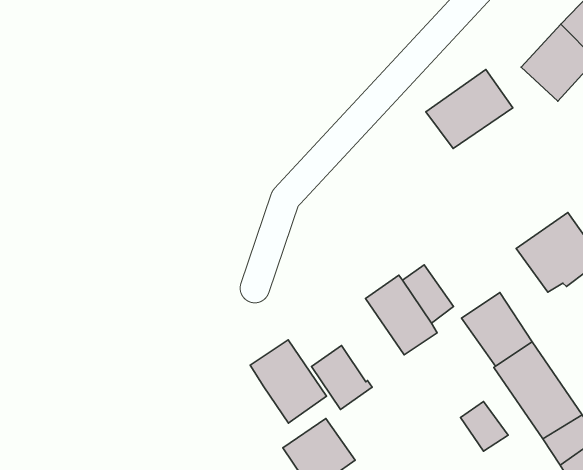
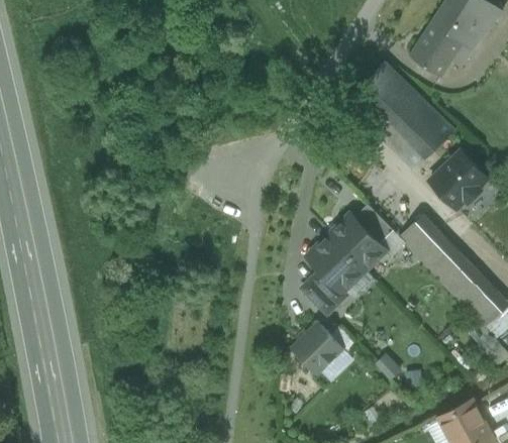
building: none -> [374,86,453,164]
building: [250,340,327,423] -> [308,235,365,293]
building: [460,402,508,451] -> none

